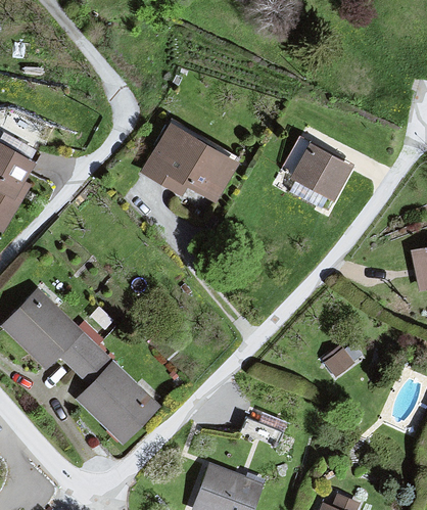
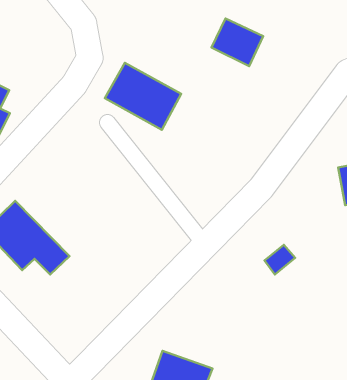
building: [288,147,348,202] -> [212,19,263,66]
building: [77,363,156,442] -> none

